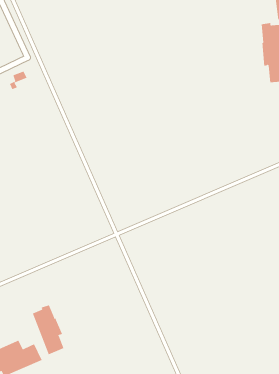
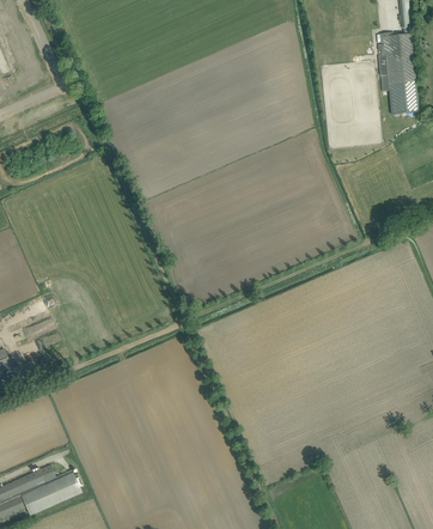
building: [32,304,64,355] -> none

